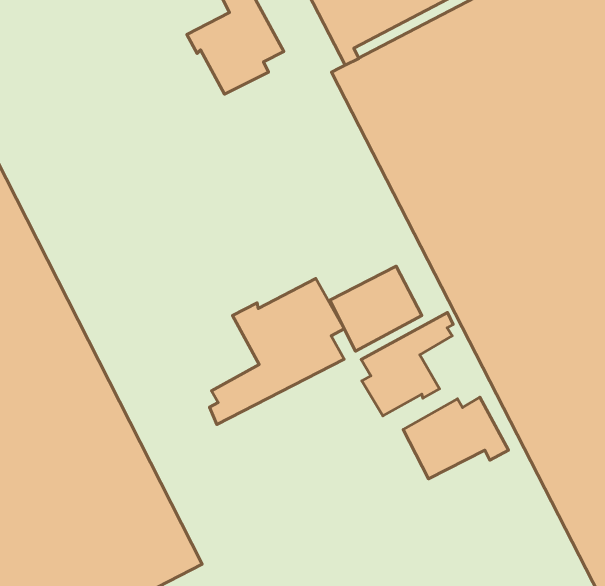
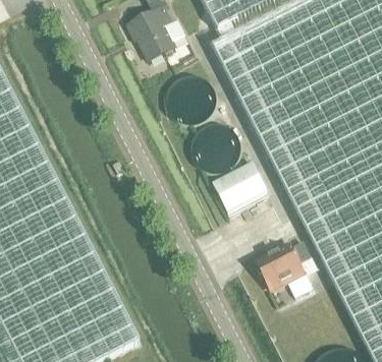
building: [209,278,344,424] -> none
building: [361,312,453,416] -> none

